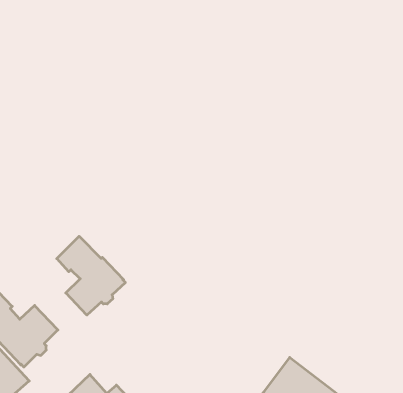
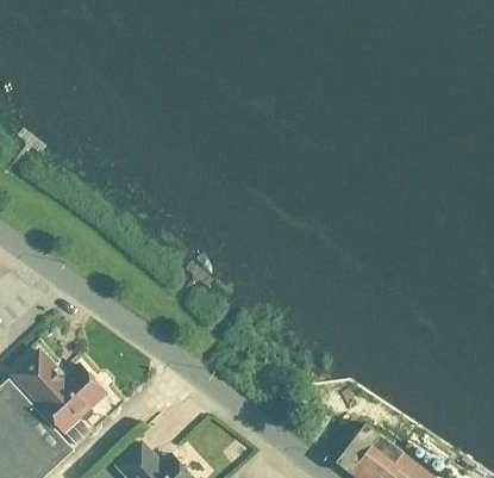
building: [57,236,125,315] -> none

